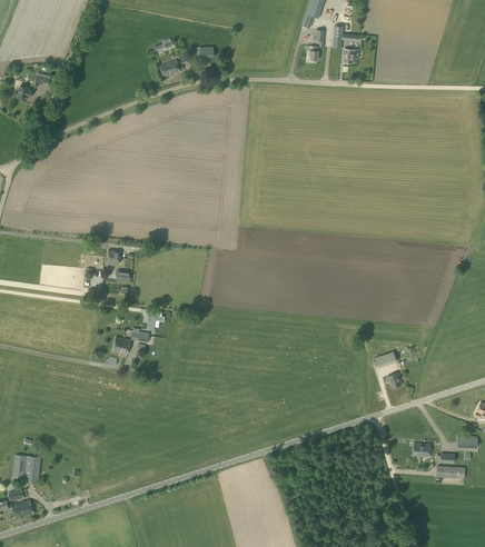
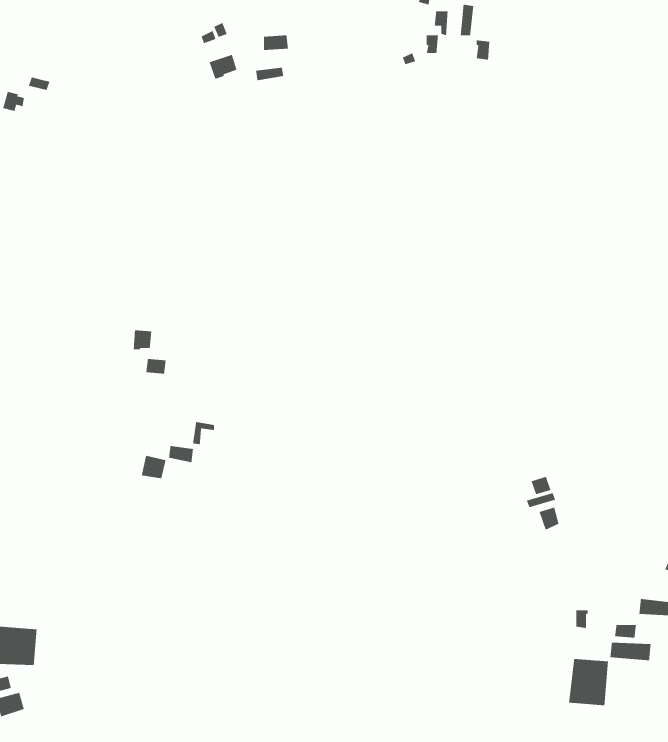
building: none -> [568,658,609,706]

